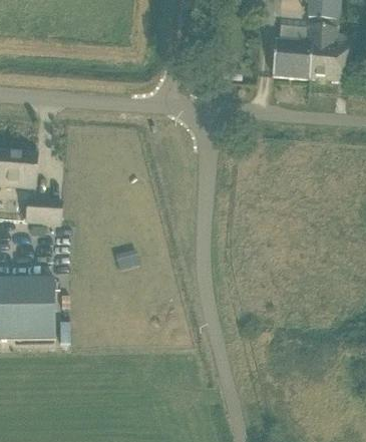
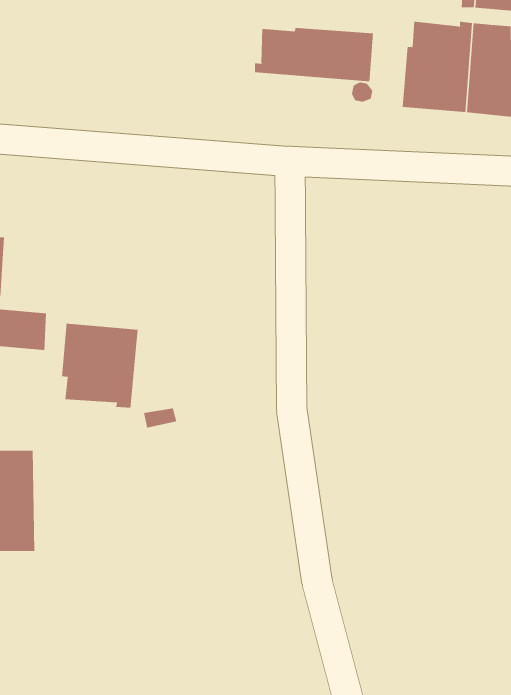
building: none -> [254,27,374,82]
building: none -> [62,323,138,408]

